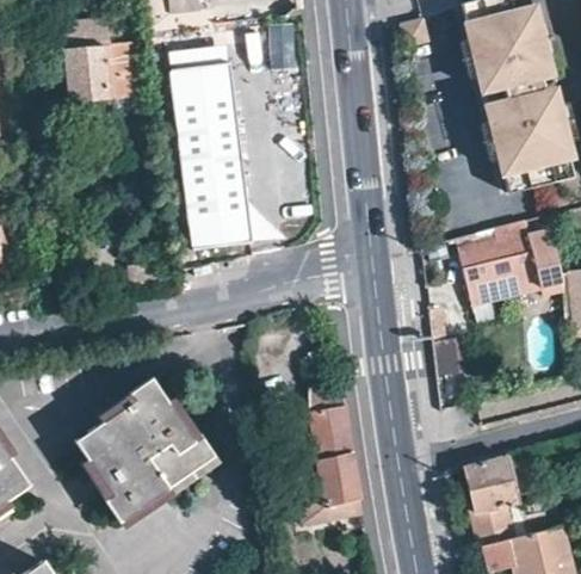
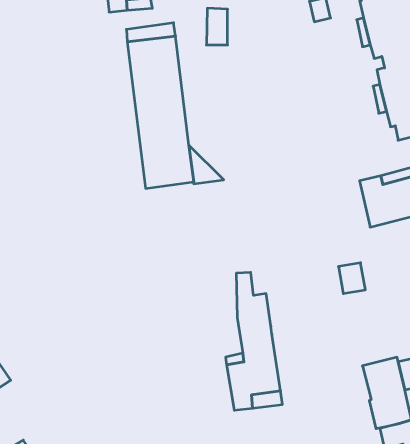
building: [62,37,135,122] -> none
building: [75,387,206,517] -> none

